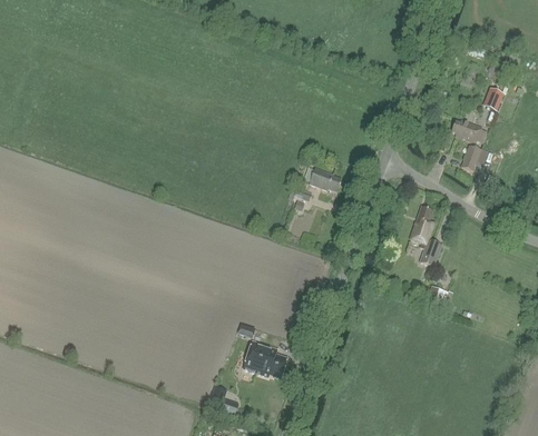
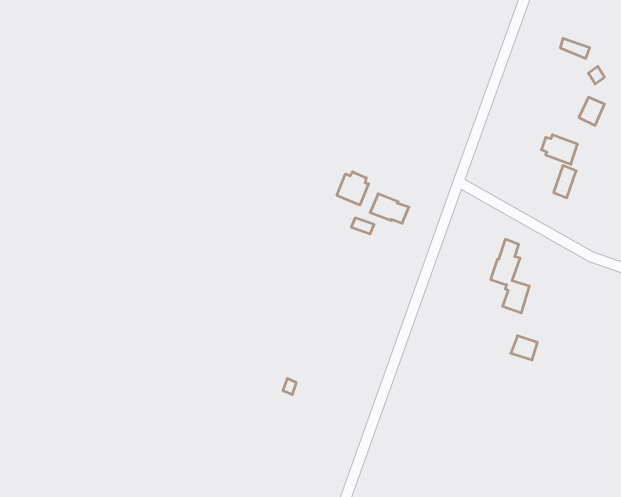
building: none -> [337,172,369,205]
building: [244,339,288,378] -> none

